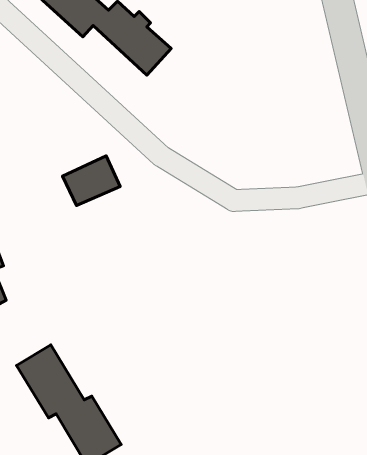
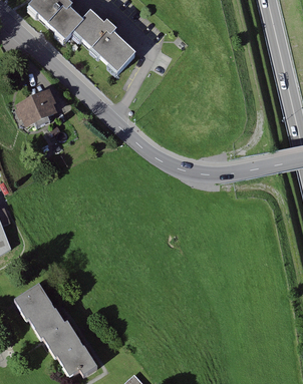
building: [63,156,120,206] -> [14,89,59,128]

